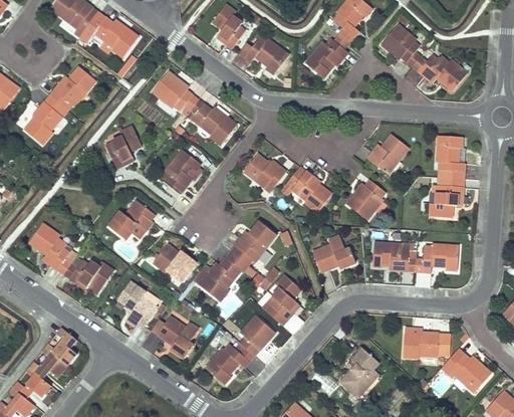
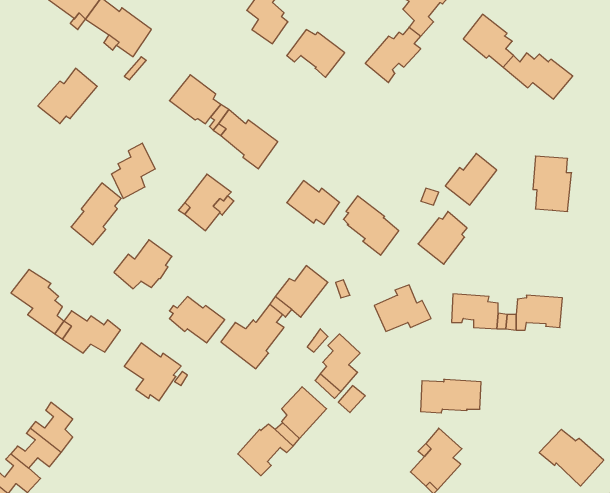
building: [26,96,65,145] -> [71,183,121,245]
building: [430,177,463,218] -> none
building: [158,317,198,357] -> none
building: [403,332,450,358] -> [421,379,481,413]

